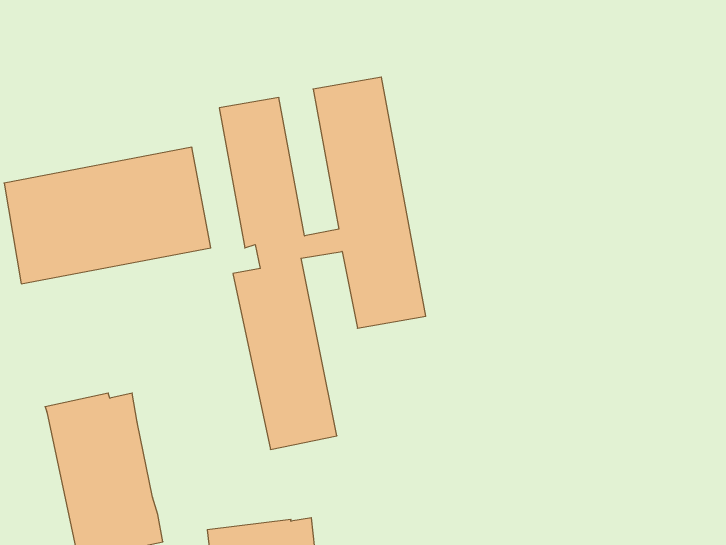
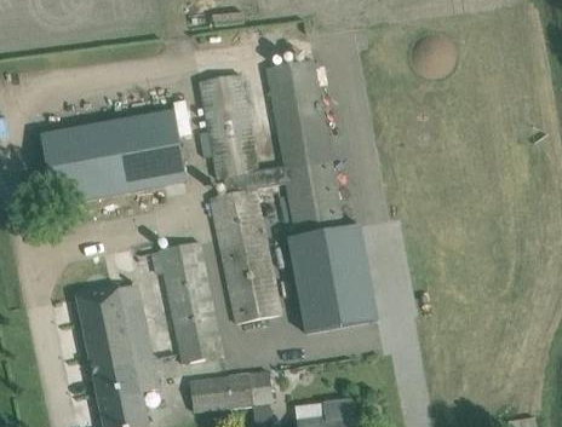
building: none -> [287,224,375,333]
building: none -> [156,240,223,363]

